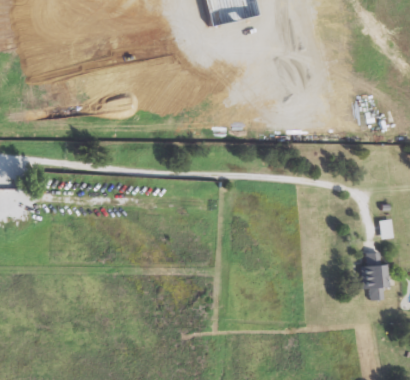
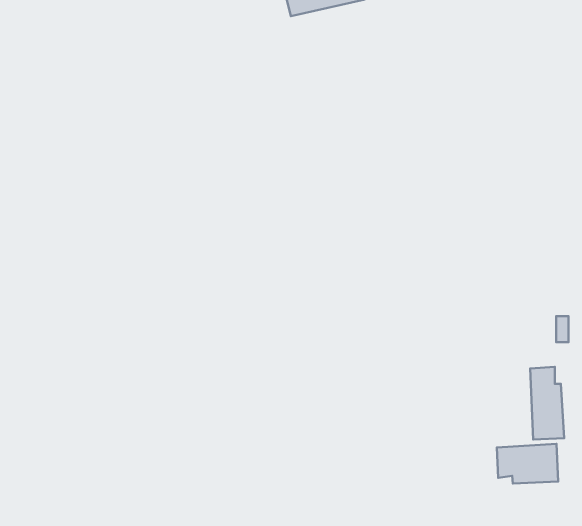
building: none -> [497,444,558,483]

